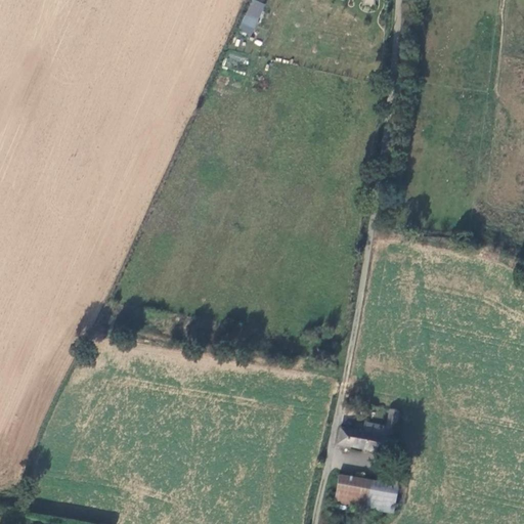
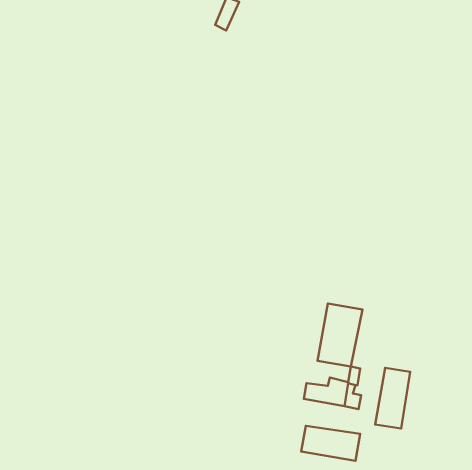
building: none -> [317,303,363,367]
building: none -> [375,368,410,429]

